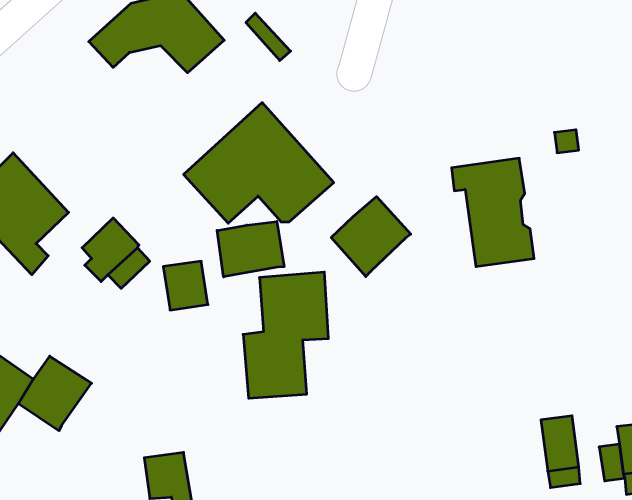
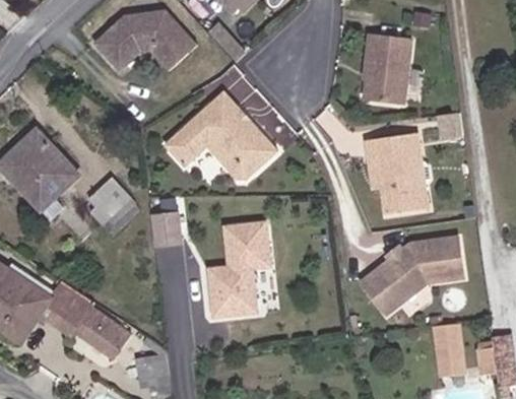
building: none -> [362,36,405,105]
building: [331,197,411,277] -> none
building: [217,221,284,277] -> none
building: none -> [359,238,462,314]
building: none -> [73,306,130,360]

